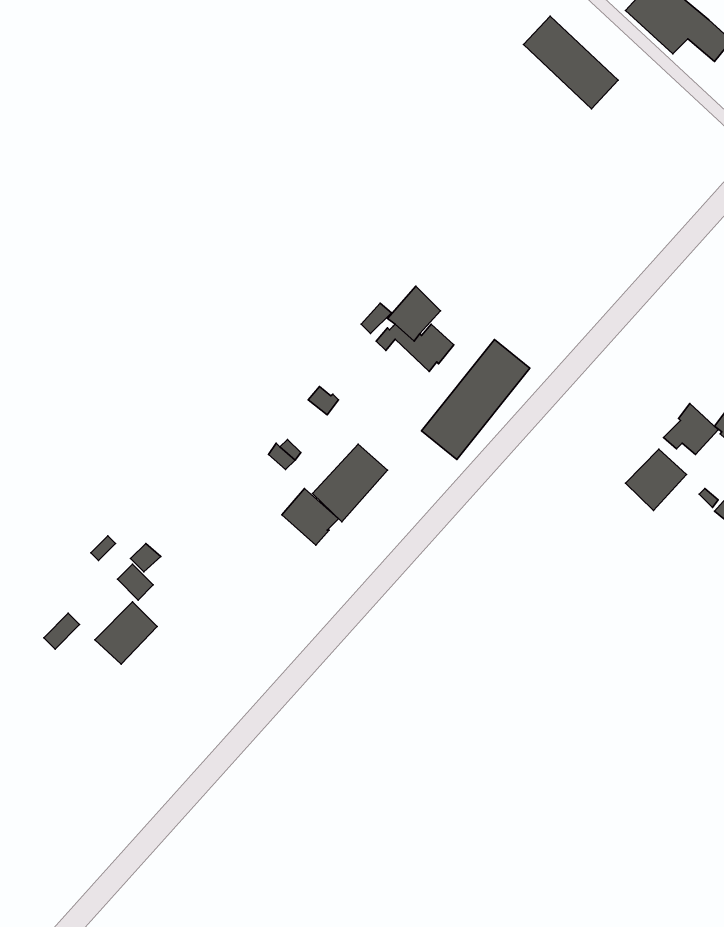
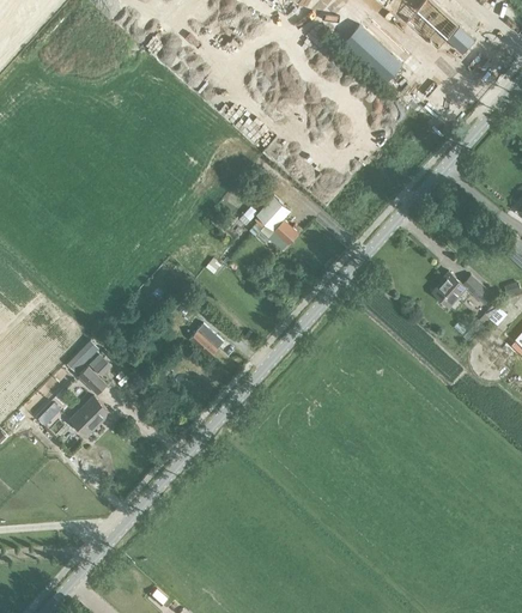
building: [421,340,530,460] -> none
building: [312,444,388,522] -> none
building: [626,449,686,510] -> none

